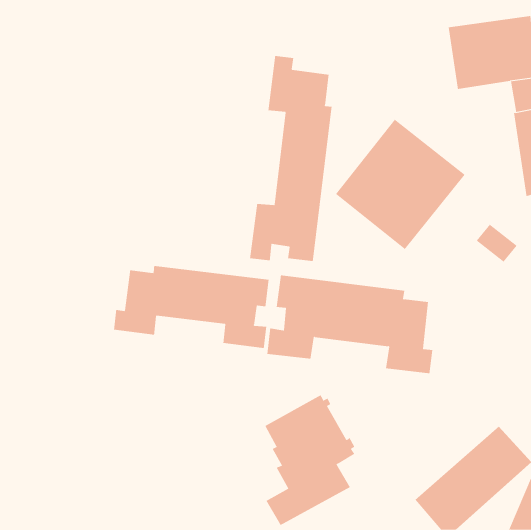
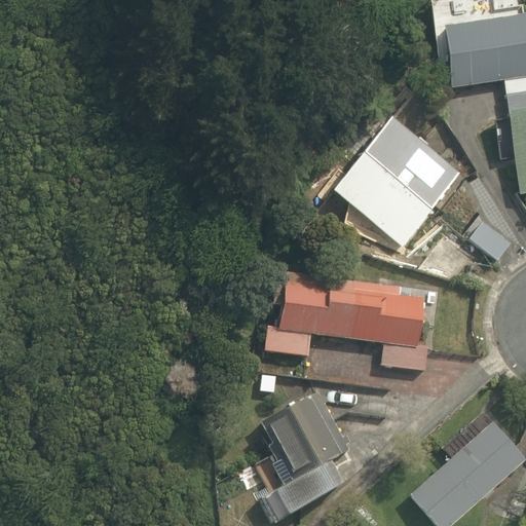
building: [250,55,332,262] -> none
building: [113,265,269,349] -> none

